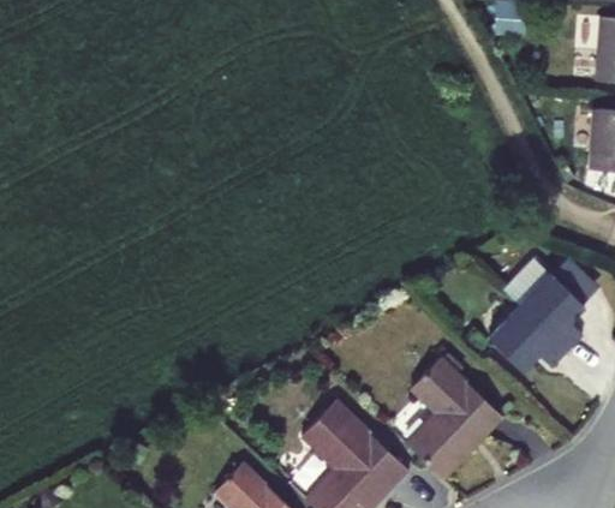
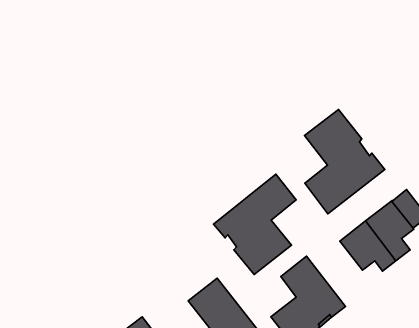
building: none -> [304,109,385,214]
building: none -> [214,174,296,275]

